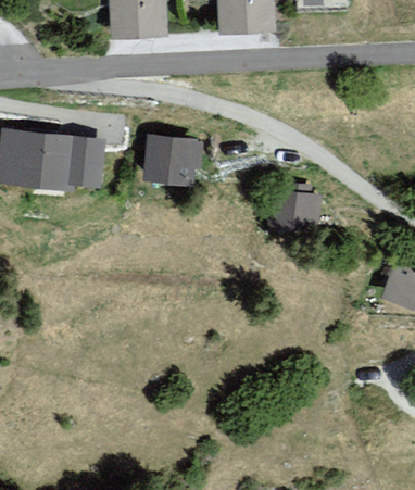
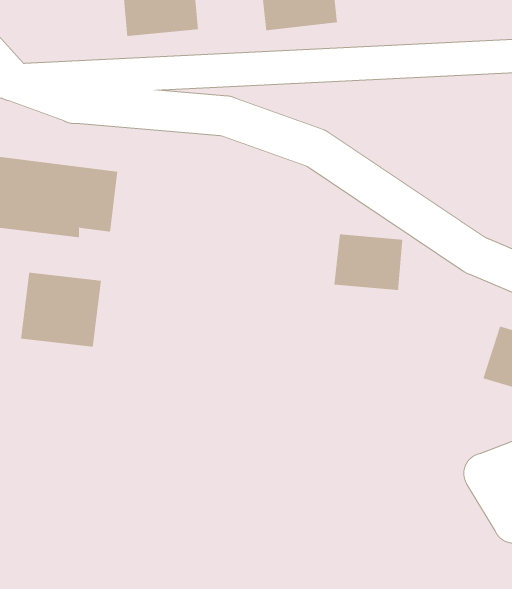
building: [141,135,199,186] -> none
building: none -> [21,272,101,347]

